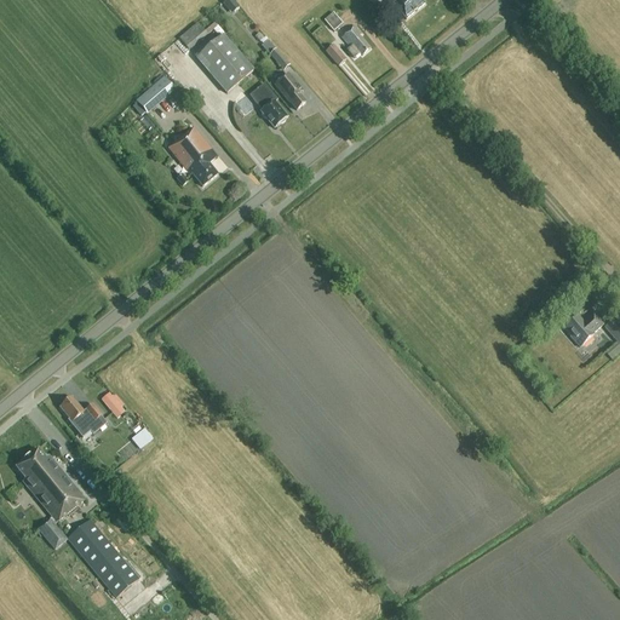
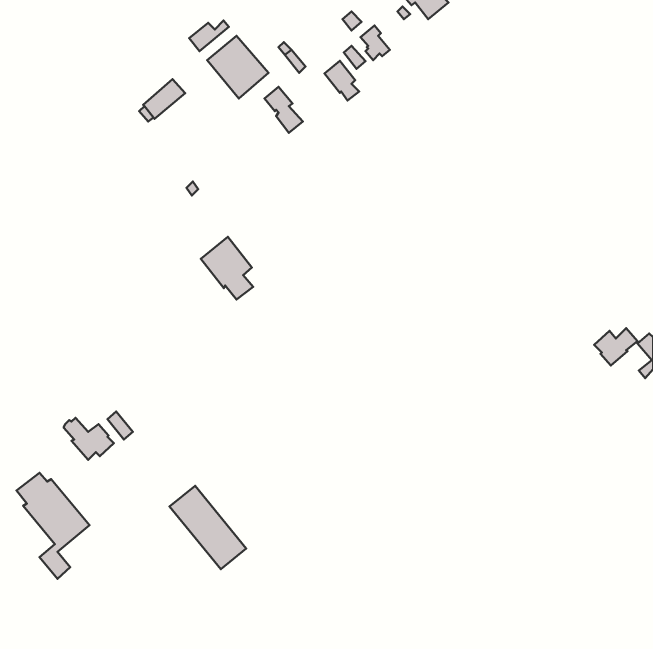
building: [274,71,306,109] -> [325,61,359,100]
building: [168,126,218,185] -> [201,237,253,300]
building: [67,518,139,597] -> [170,486,246,569]

